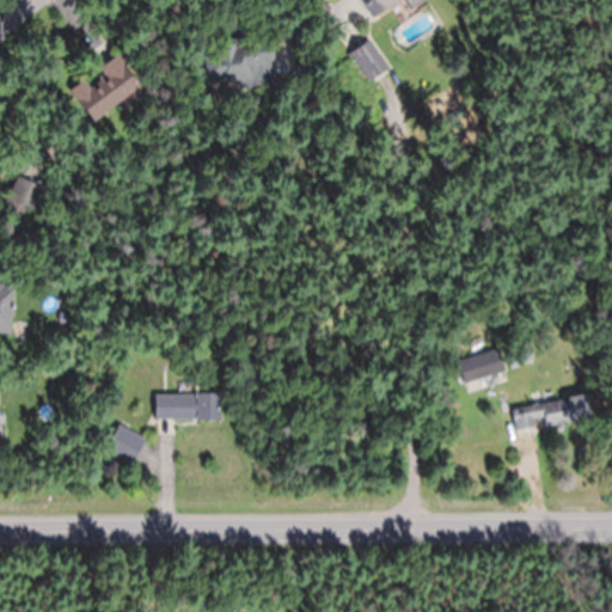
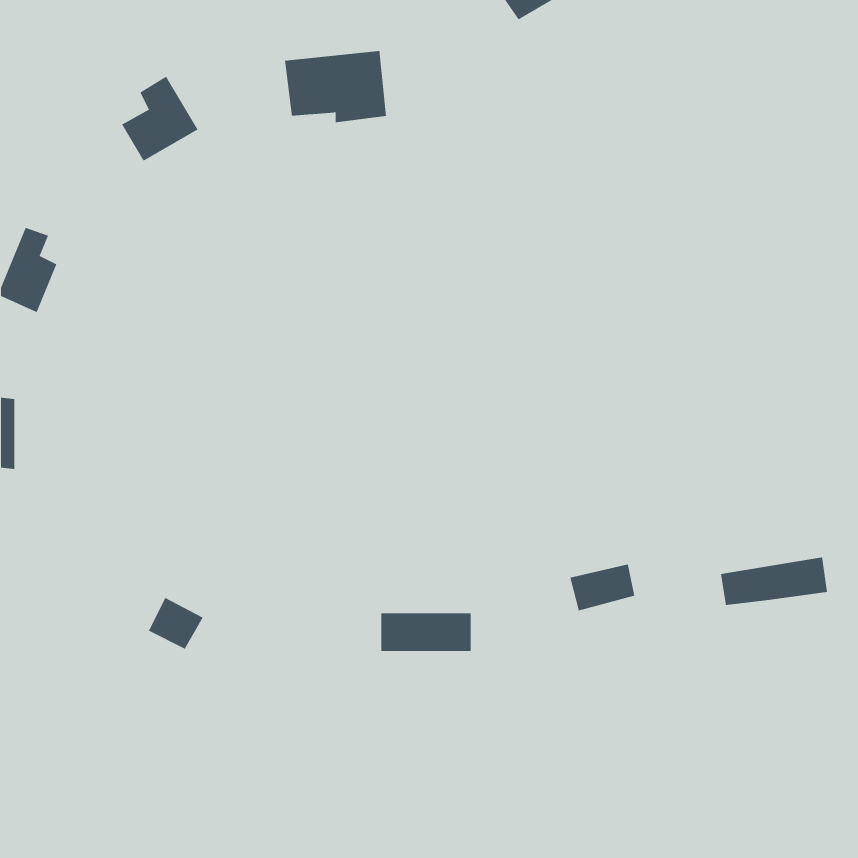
building: [349,39,387,80] -> none
building: [458,349,504,382] -> [570,564,635,611]
building: [155,393,220,421] -> [381,613,471,652]

